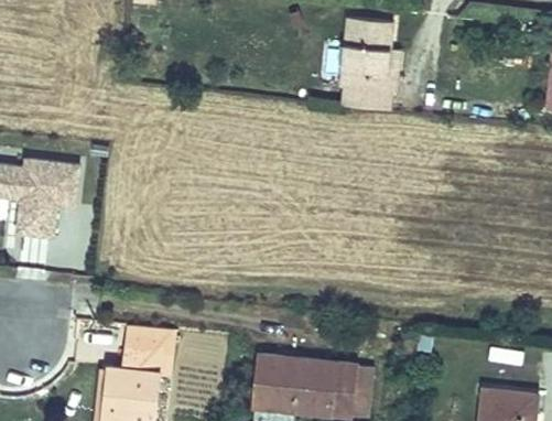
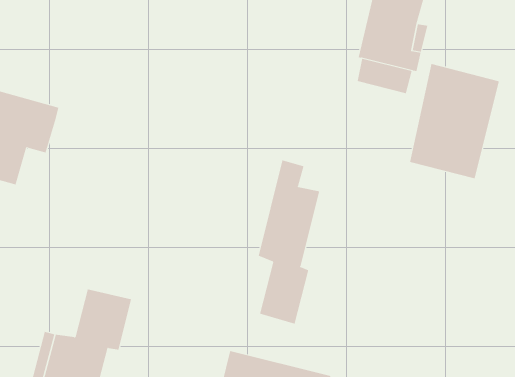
building: none -> [409,63,499,179]
building: none -> [258,160,320,325]

